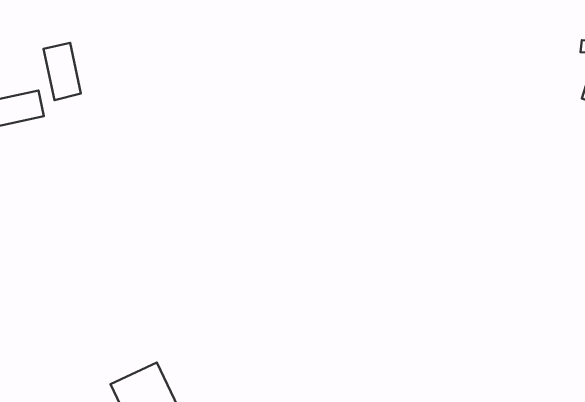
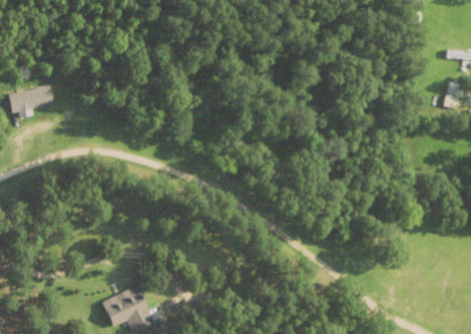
building: [44,43,81,100] -> none

